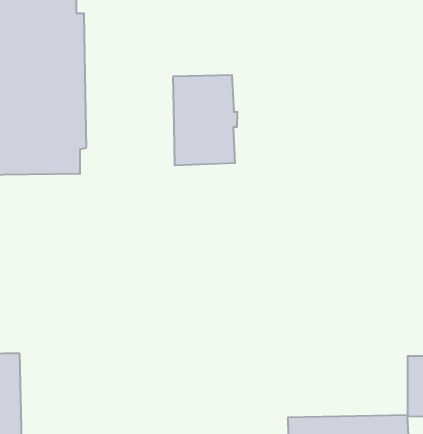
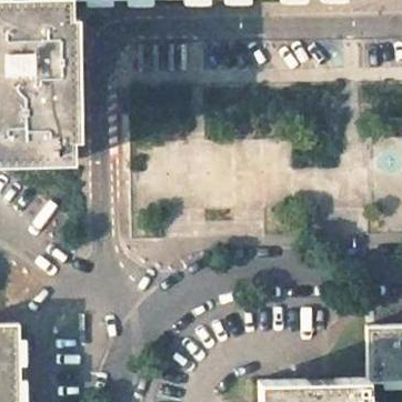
building: [173,75,237,165] -> none

